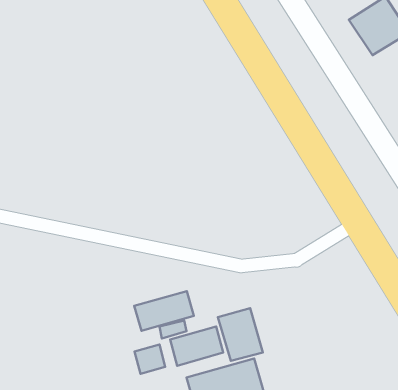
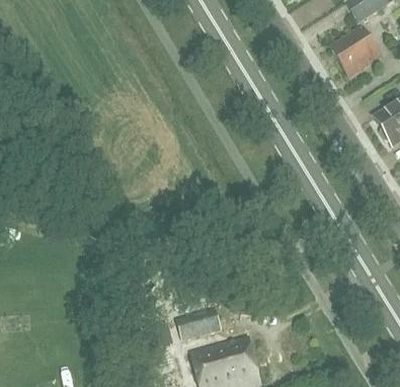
building: [134,291,194,331] -> none
building: [218,308,263,361] -> none

